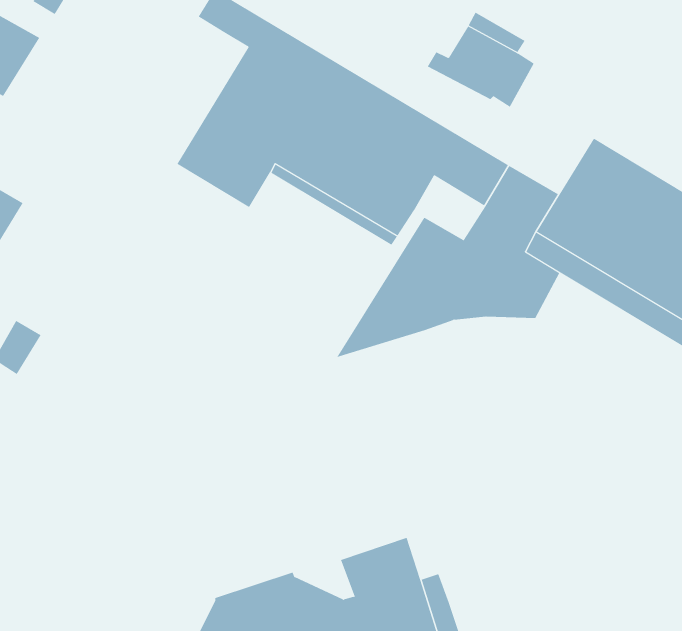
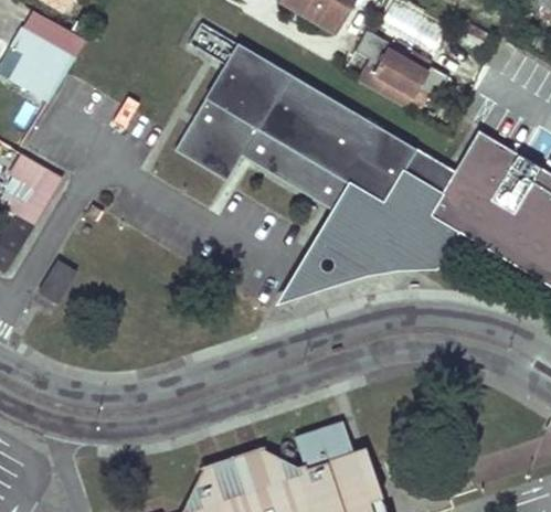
building: none -> [348,158,399,204]

